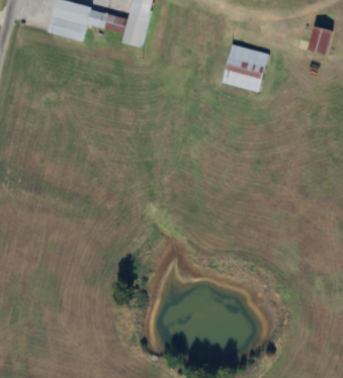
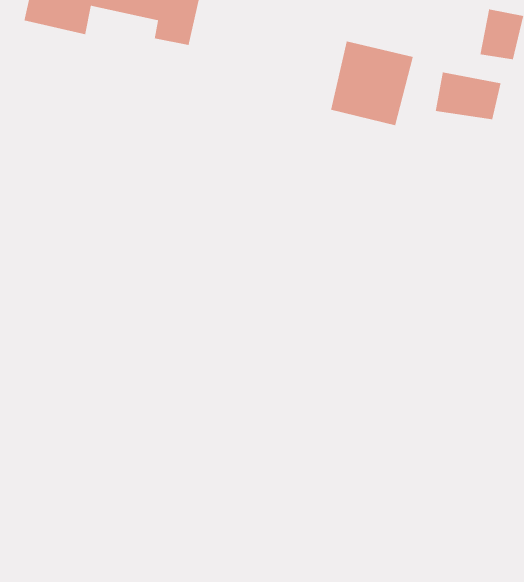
building: none -> [435,71,502,120]

